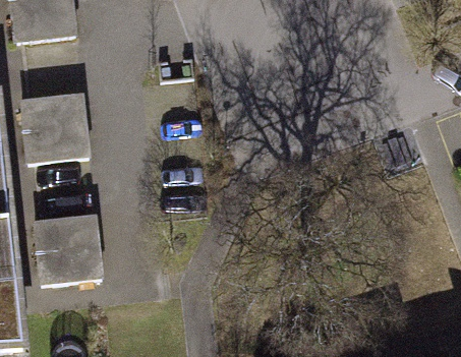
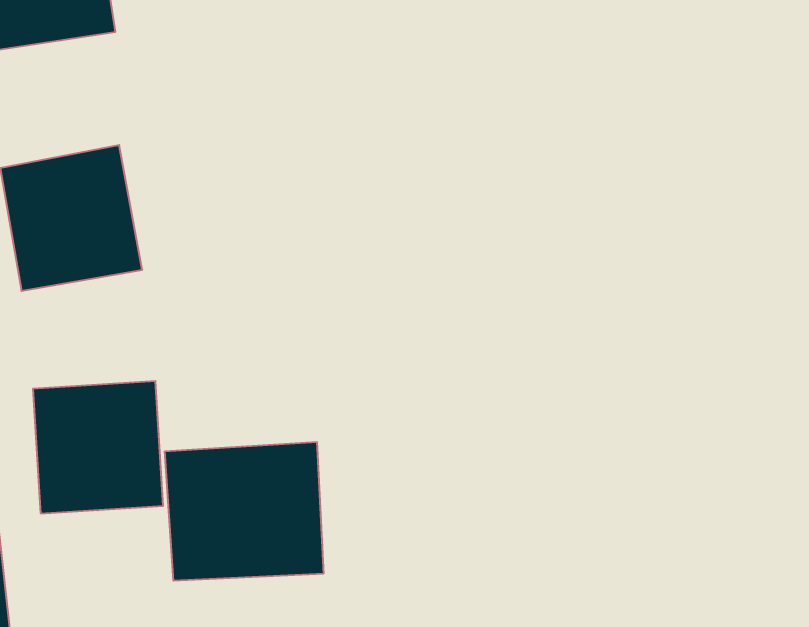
building: none -> [165,442,323,581]

